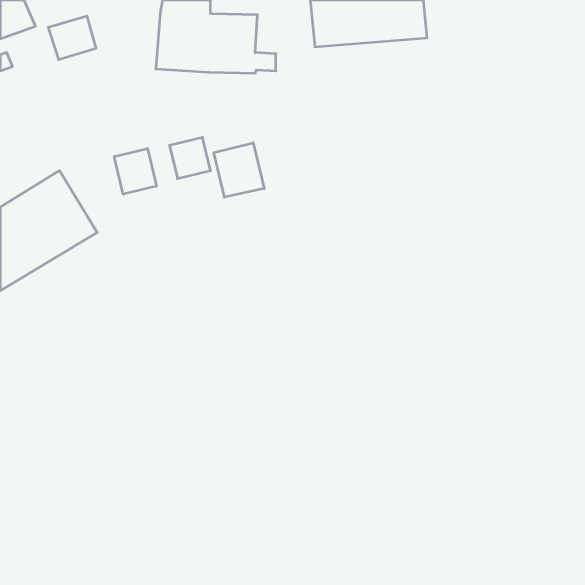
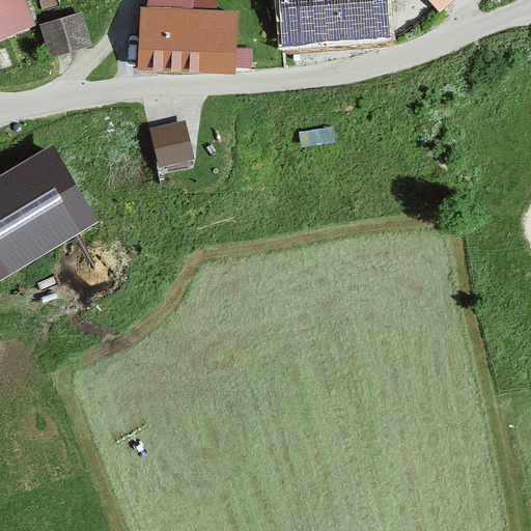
building: [214,143,264,197] -> none
building: [114,148,157,194] -> none

